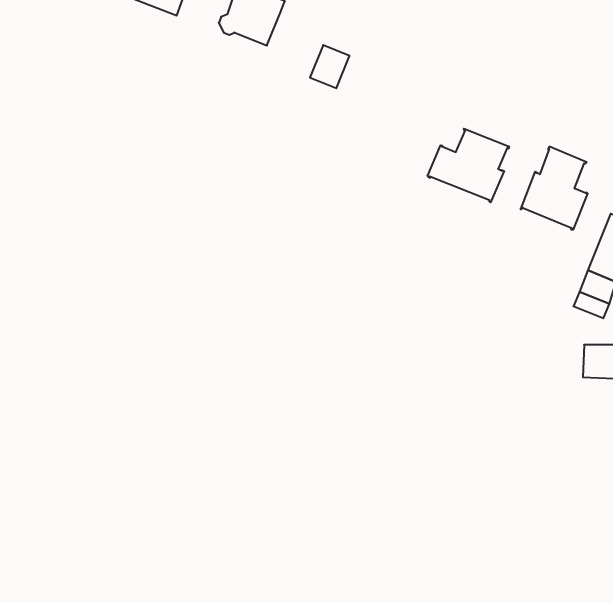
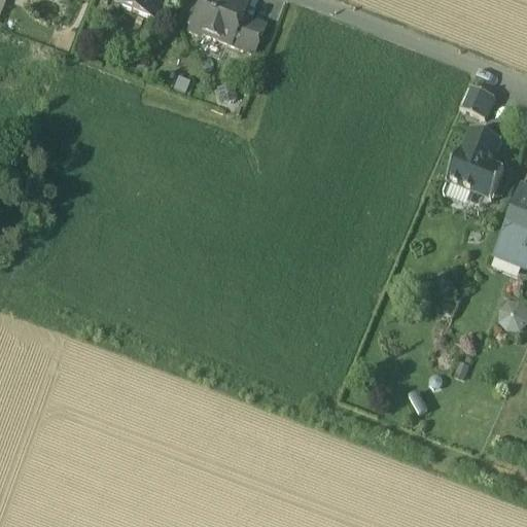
building: [310,45,350,88] -> [230,11,264,48]
building: none -> [460,83,495,116]
building: [428,129,509,202] -> none

